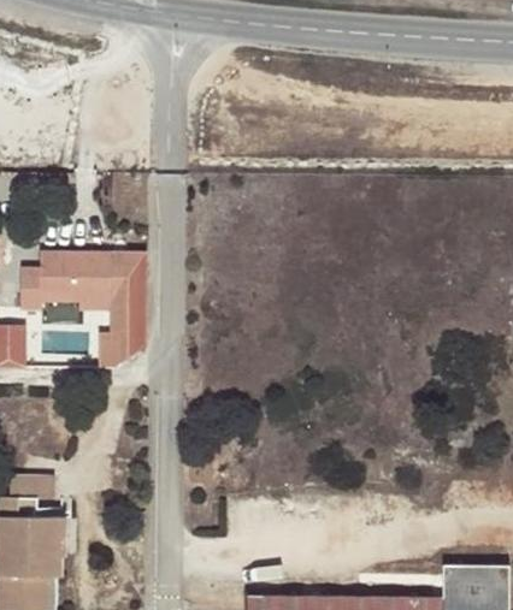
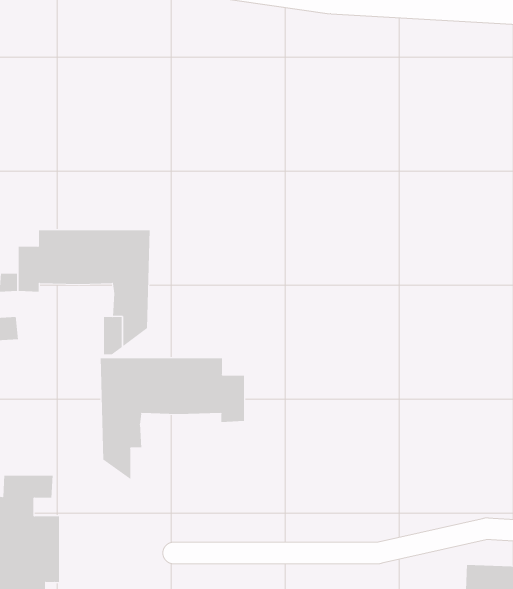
building: none -> [100,357,245,480]

